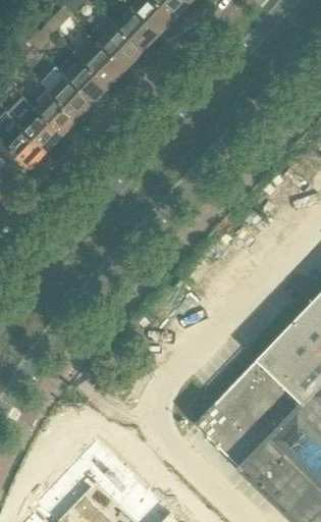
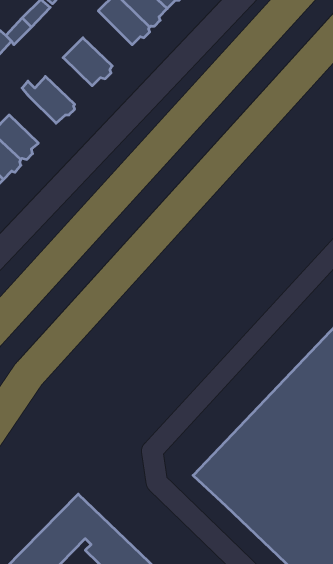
building: [92,17,142,69] -> none
building: [58,54,107,103] -> none
building: [35,95,76,137] -> none

